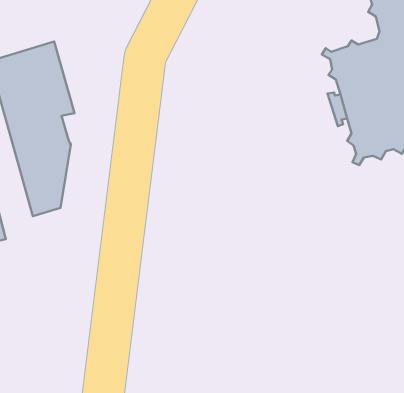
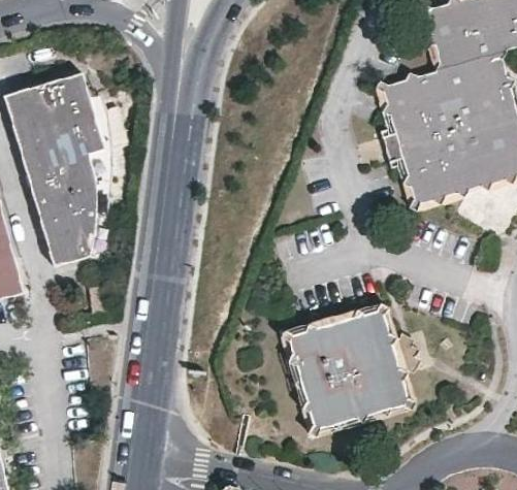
building: none -> [282,304,415,435]

